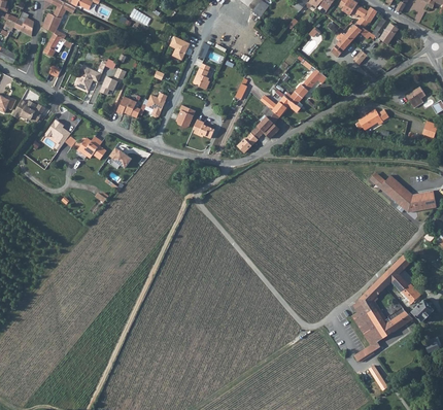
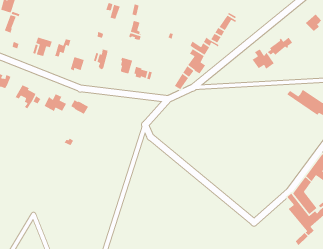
building: none -> [252,48,275,70]

